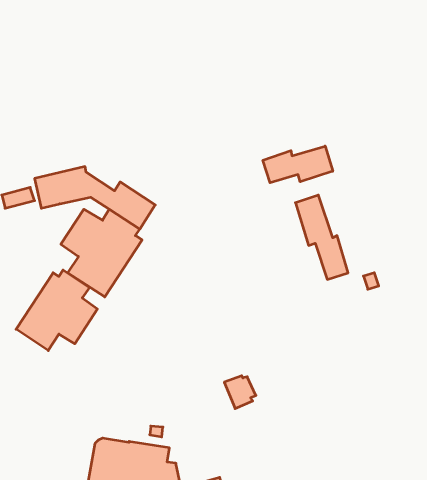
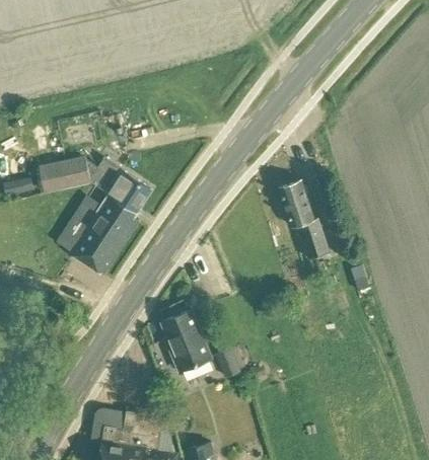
building: [263,146,333,183] -> none
building: [16,270,97,351] -> none
building: none -> [163,311,212,371]

